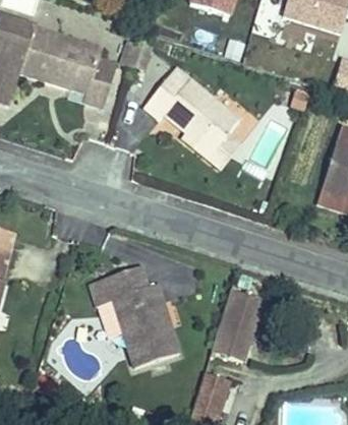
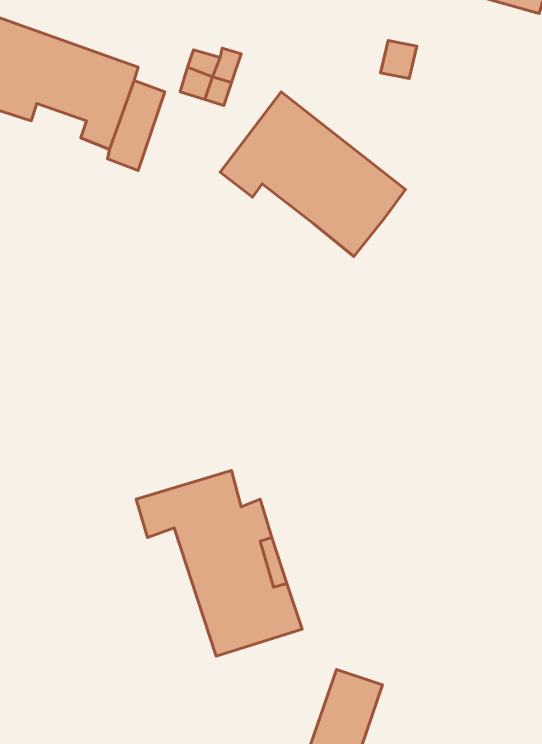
building: [187,133,245,172] -> none
building: [213,293,265,363] -> none

